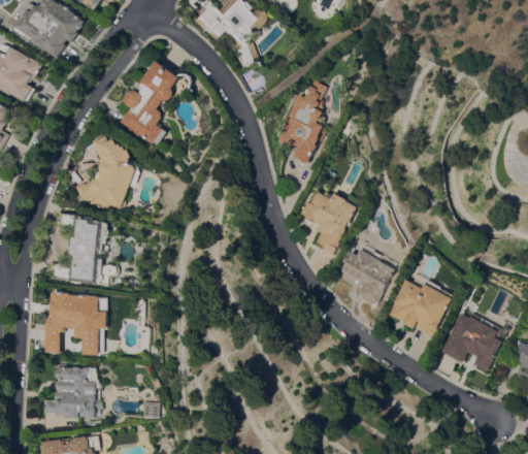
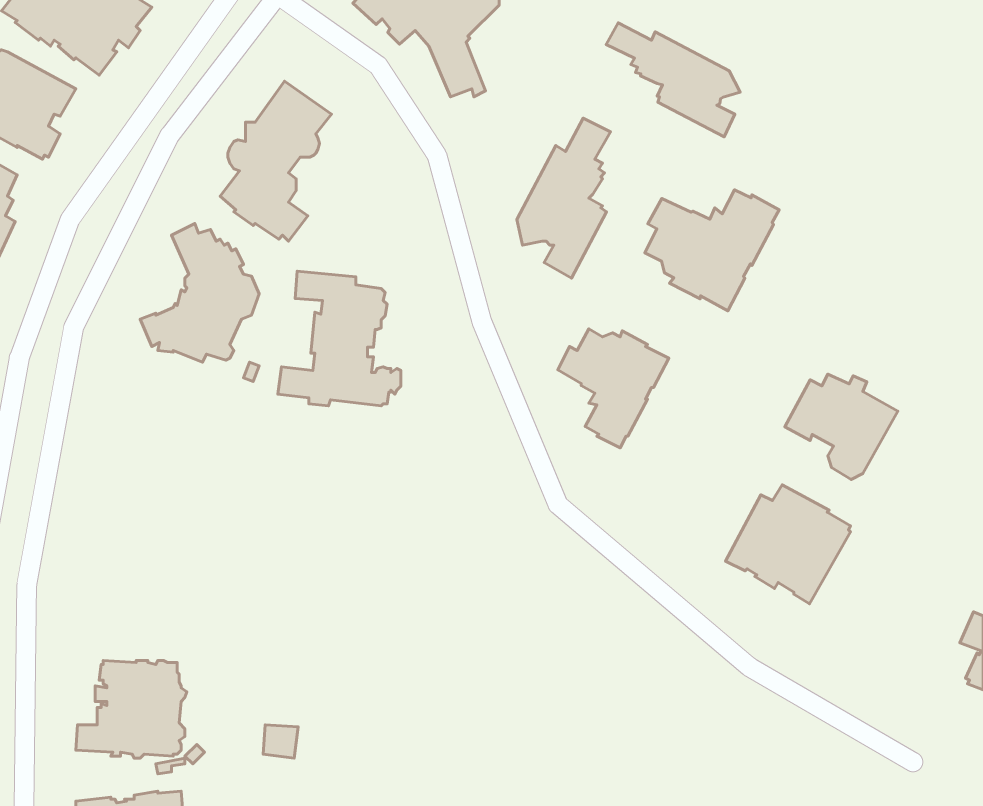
building: none -> [606,23,740,137]
building: none -> [645,190,779,311]
building: [54,213,119,284] -> [278,271,401,406]
building: [335,249,395,304] -> [785,374,898,479]
building: [45,291,108,355] -> none
building: [439,313,501,370] -> none

